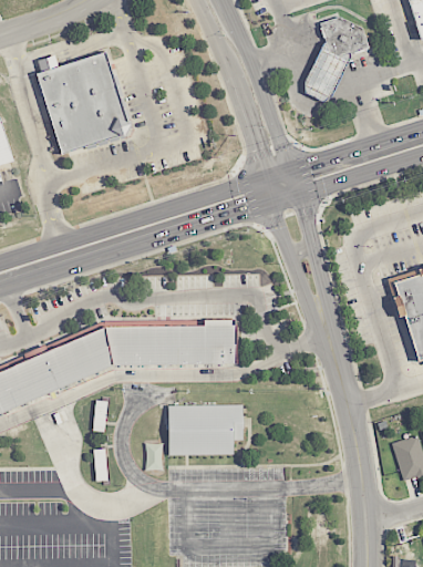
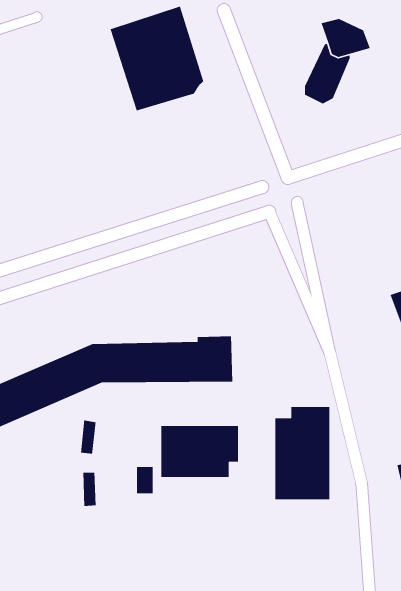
building: [39,51,128,152] -> [109,5,204,112]
building: none -> [275,406,330,500]

